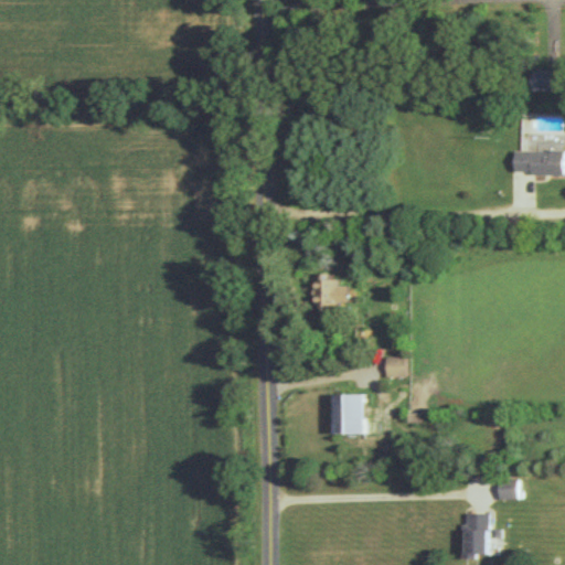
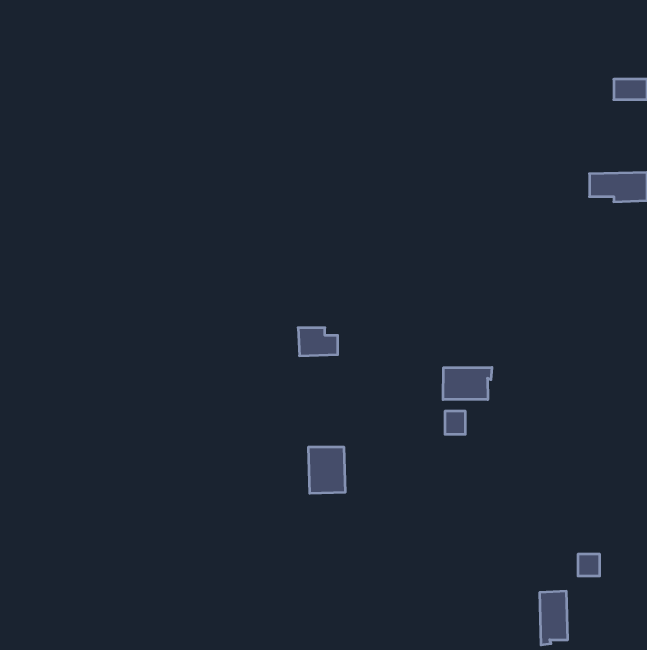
building: [313,280,348,305] -> [298,328,338,356]
building: none -> [443,367,492,400]
building: [332,395,364,435] -> [308,447,345,493]

